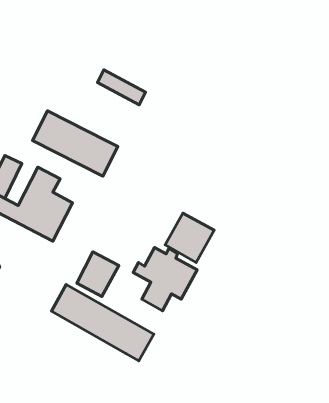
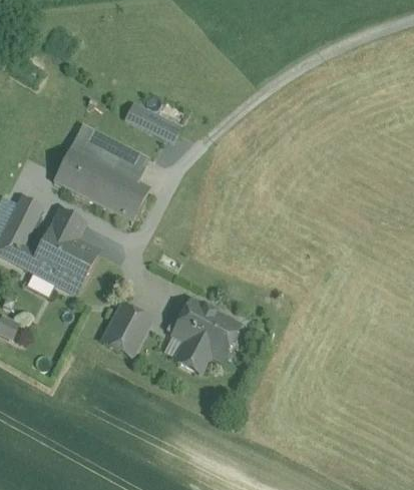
building: none -> [70,125,148,180]
building: [165,213,214,262] -> none
building: [51,284,154,361] -> none

